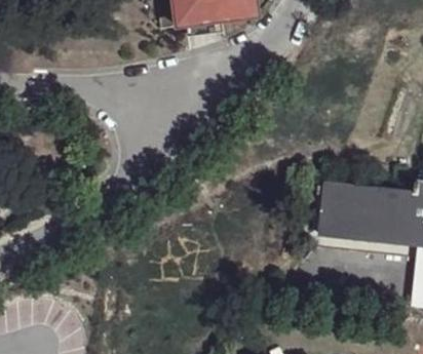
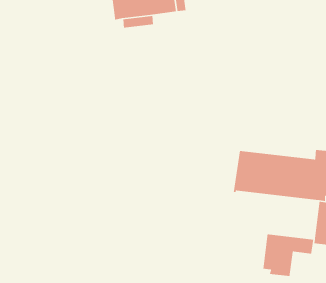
building: none -> [262,234,314,277]

